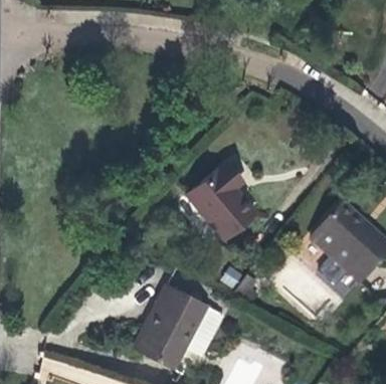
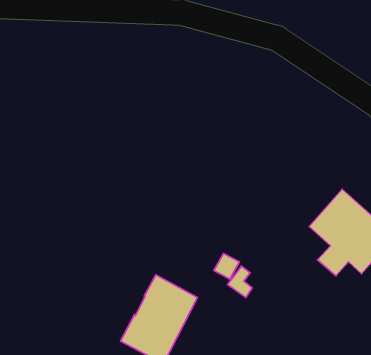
building: [179,161,248,237] -> none

